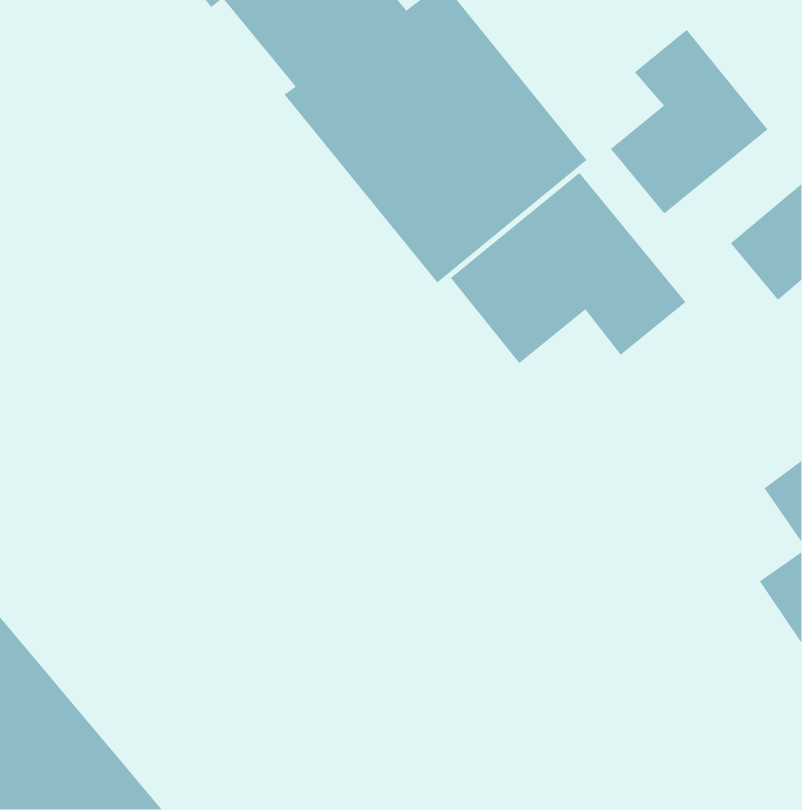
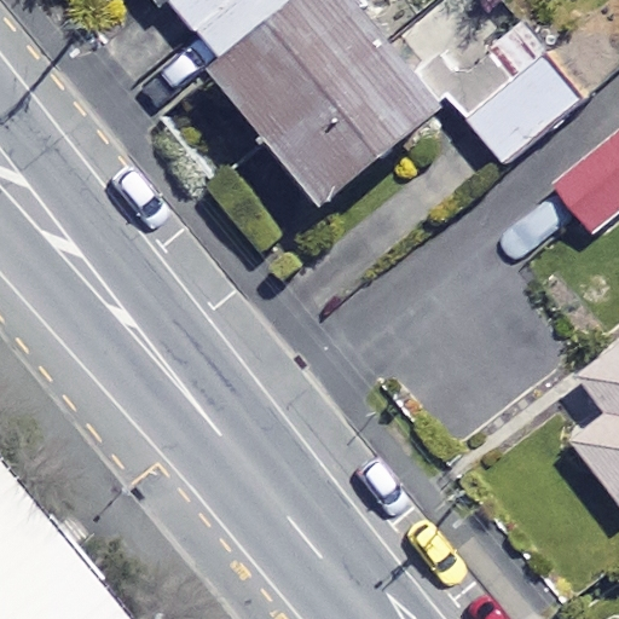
building: [450,172,687,364] -> none

